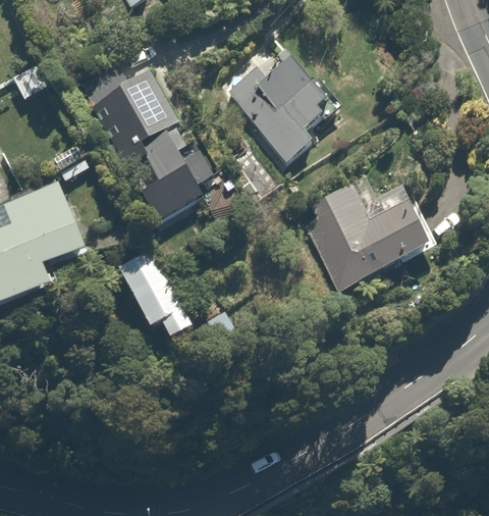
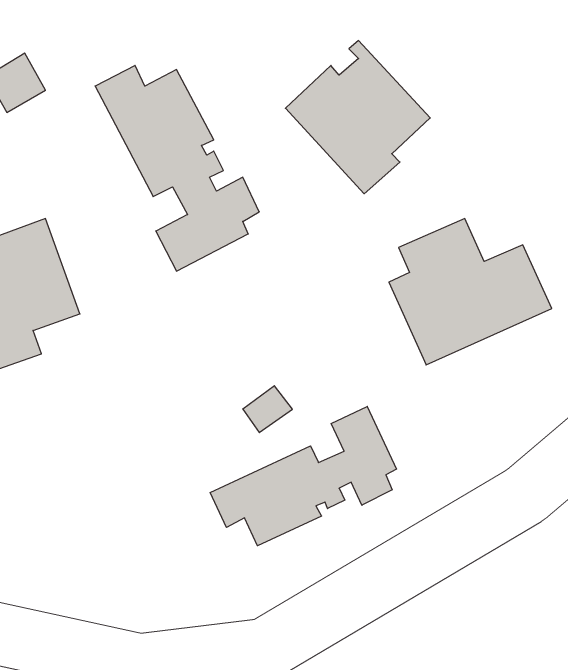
building: [119,252,191,334] -> none
building: none -> [210,406,397,546]

